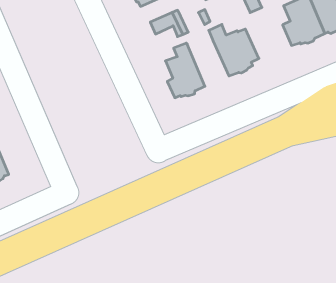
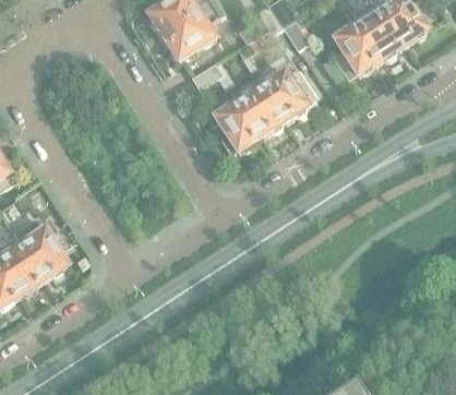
building: none -> [235,74,286,135]

